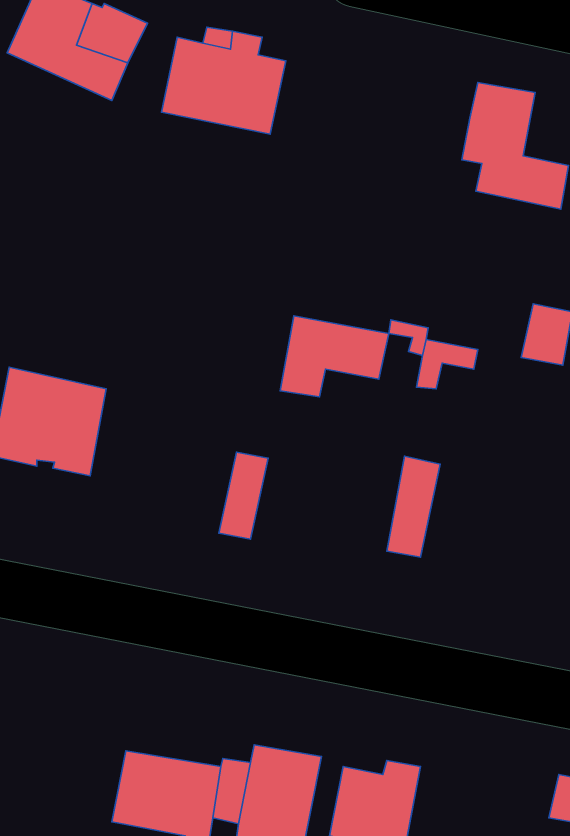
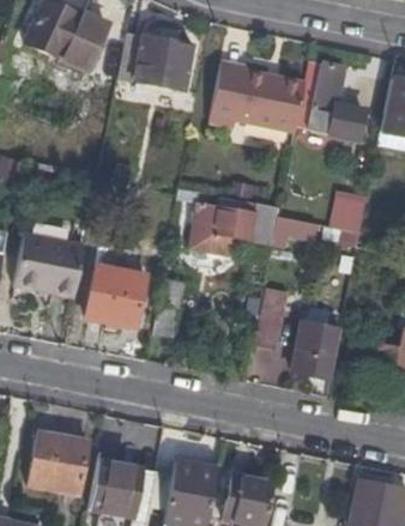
building: none -> [210,61,306,132]
building: none -> [87,265,147,327]
building: none -> [292,321,341,379]
building: none -> [28,431,89,492]

